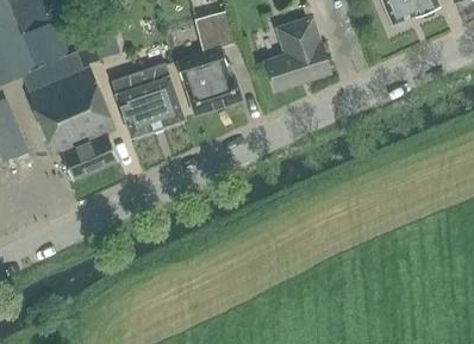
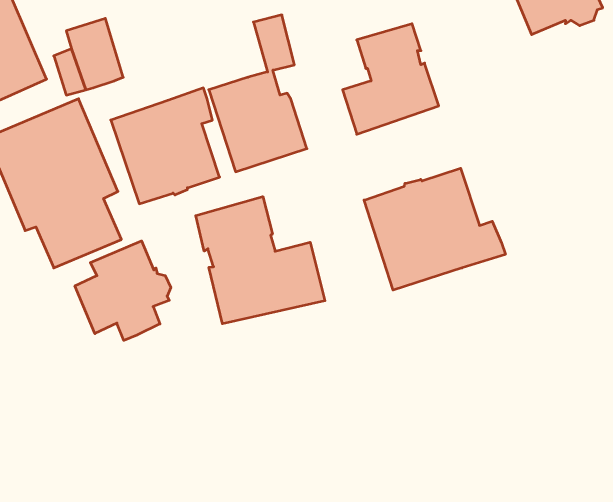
building: none -> [364,168,505,290]
building: none -> [196,197,325,324]
building: none -> [75,241,171,340]

